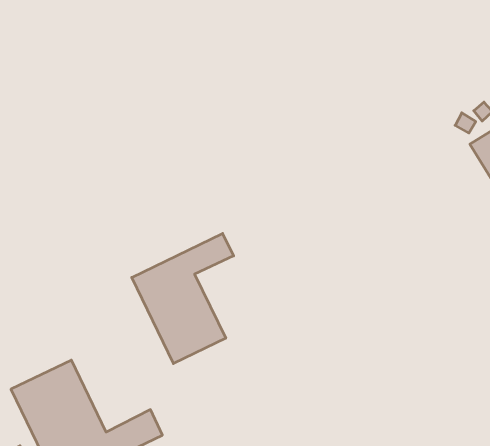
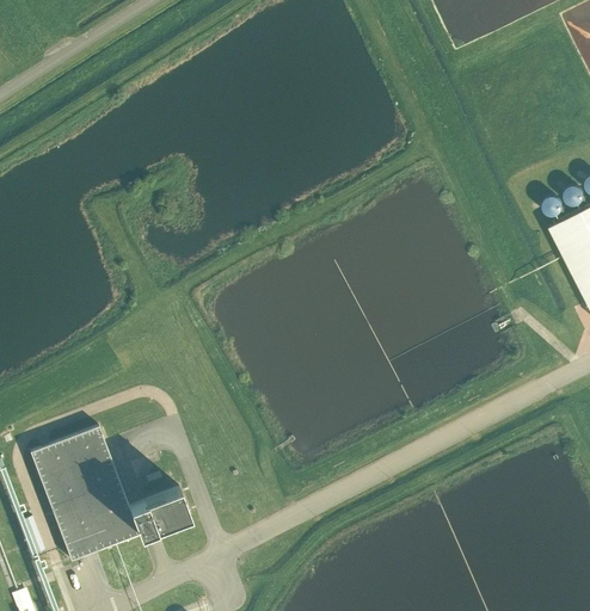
building: [132,233,234,364] -> none

